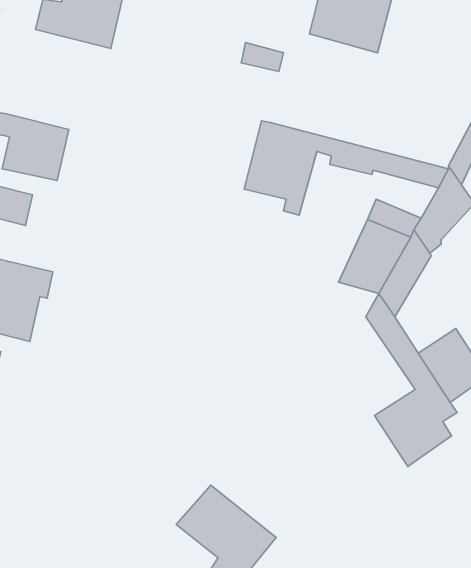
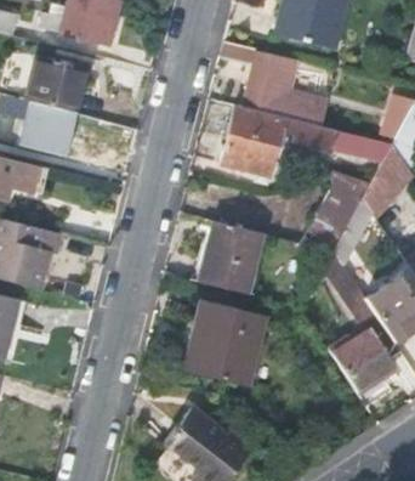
building: none -> [244,52,324,126]
building: none -> [23,57,86,113]
building: none -> [199,220,263,295]
building: none -> [191,301,267,386]

